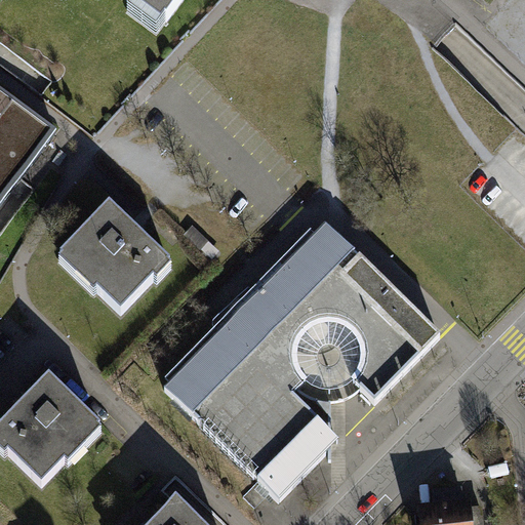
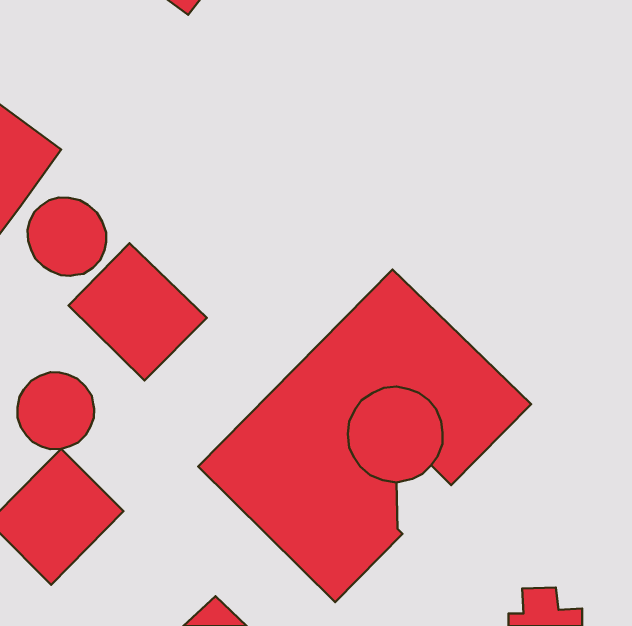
building: none -> [27,197,106,276]
building: none -> [18,372,94,449]

